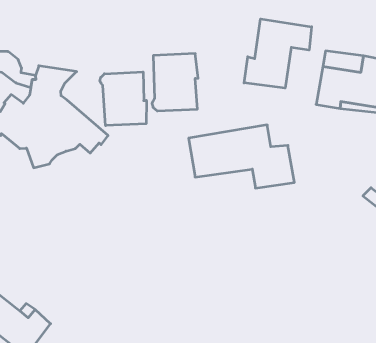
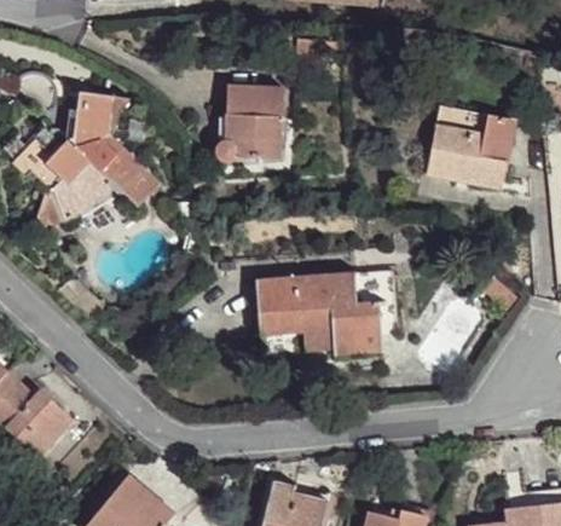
building: [244,19,312,88] -> none
building: [100,72,146,126] -> none
building: [189,125,294,188] -> [254,273,383,352]

